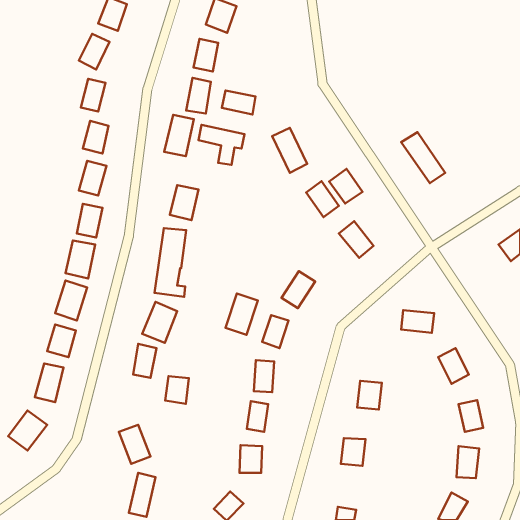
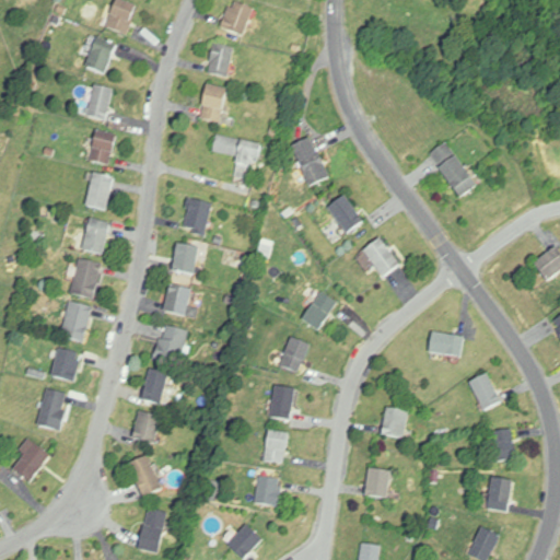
building: [222,91,255,114] -> none
building: [164,115,194,156] -> none
building: [329,169,363,203] -> none
building: [225,294,258,335] -> none
building: [165,376,189,404] -> [133,411,159,441]

